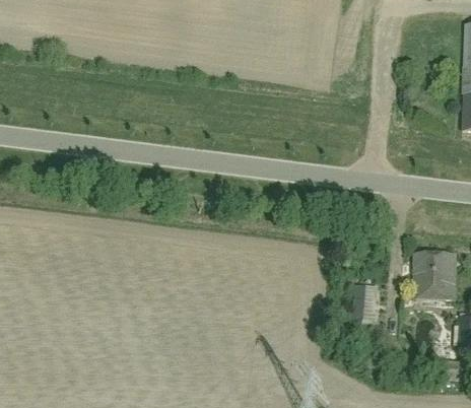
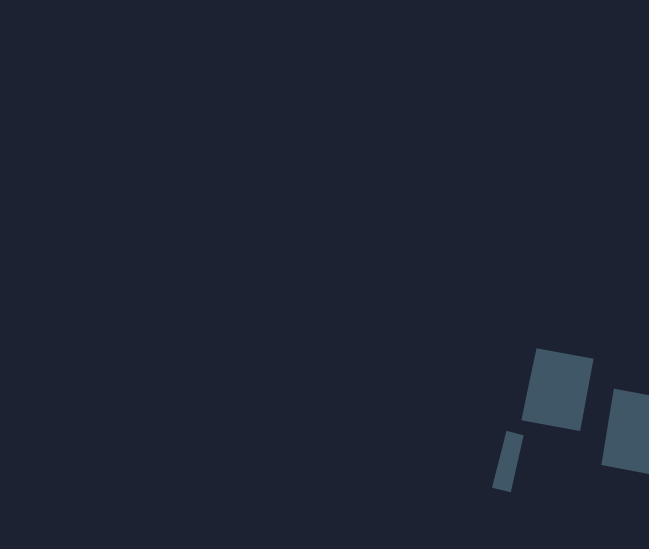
building: none -> [521,347,594,432]

